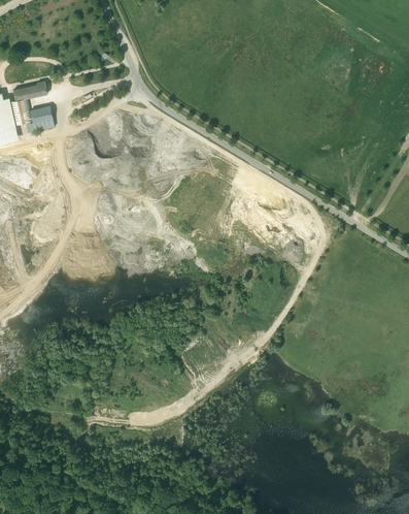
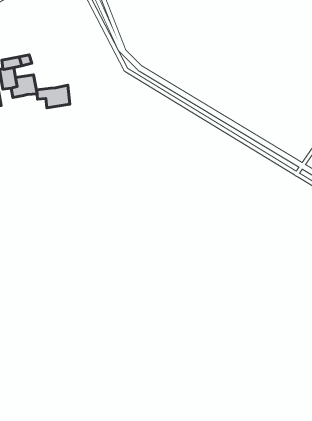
building: none -> [37,85,70,108]

